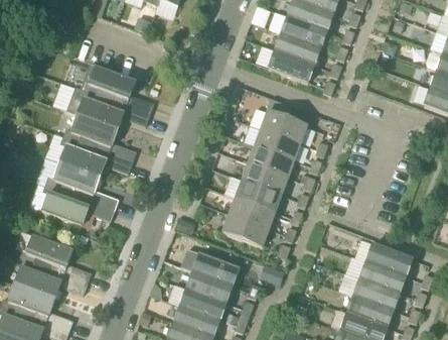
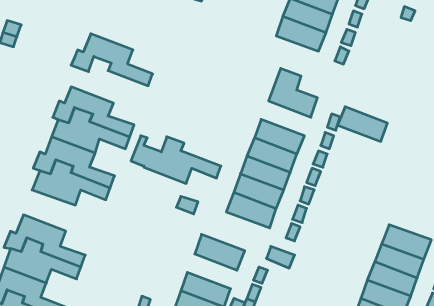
building: [65,86,149,130] -> [131,136,221,183]
building: [254,128,300,160] -> [338,107,387,141]
building: [185,270,232,303] -> none

